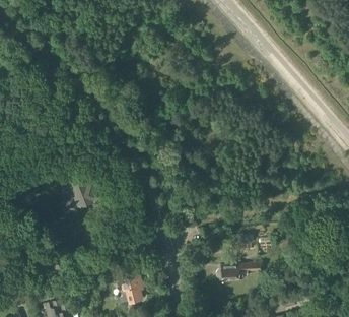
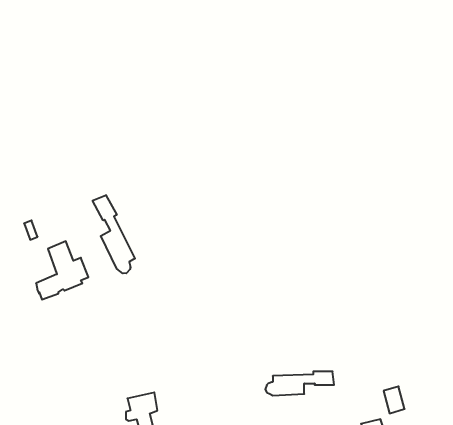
building: none -> [93,195,135,273]

